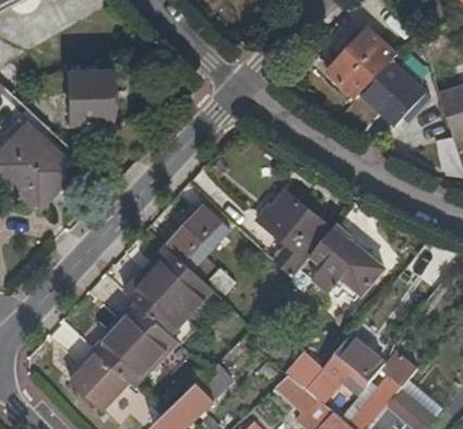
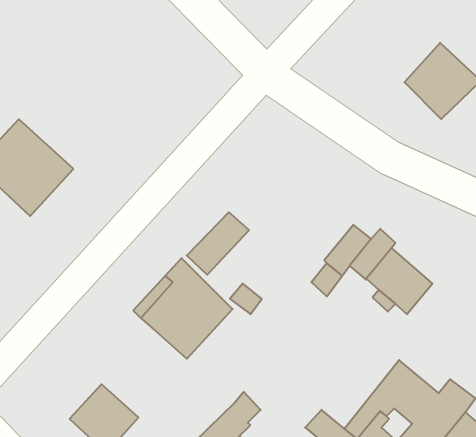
building: [327,28,394,98] -> none
building: [67,64,109,119] -> none
building: [262,189,314,246] -> none
building: [98,303,176,383] -> none

